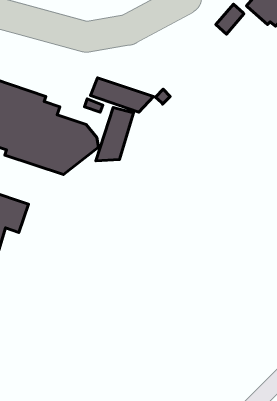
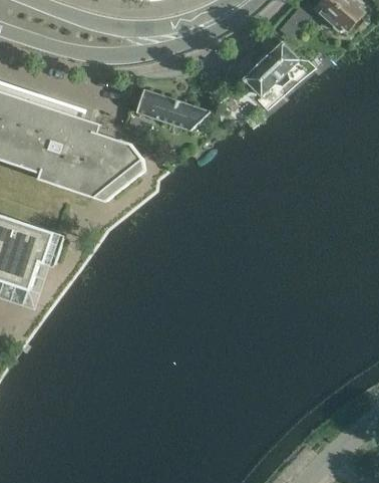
building: none -> [243,43,297,95]
building: [96,107,134,161] -> none

